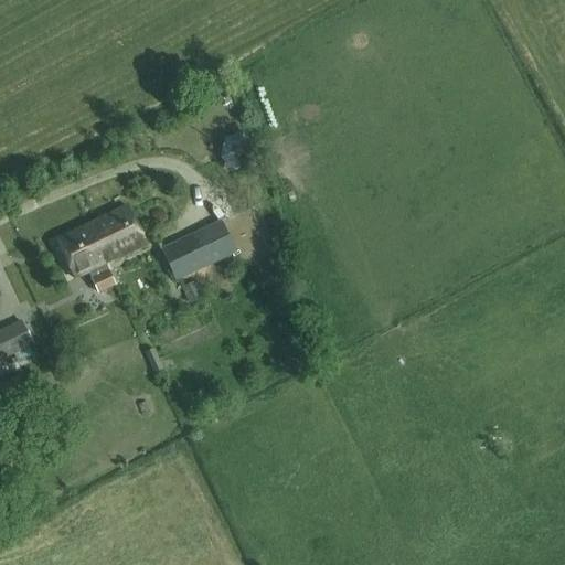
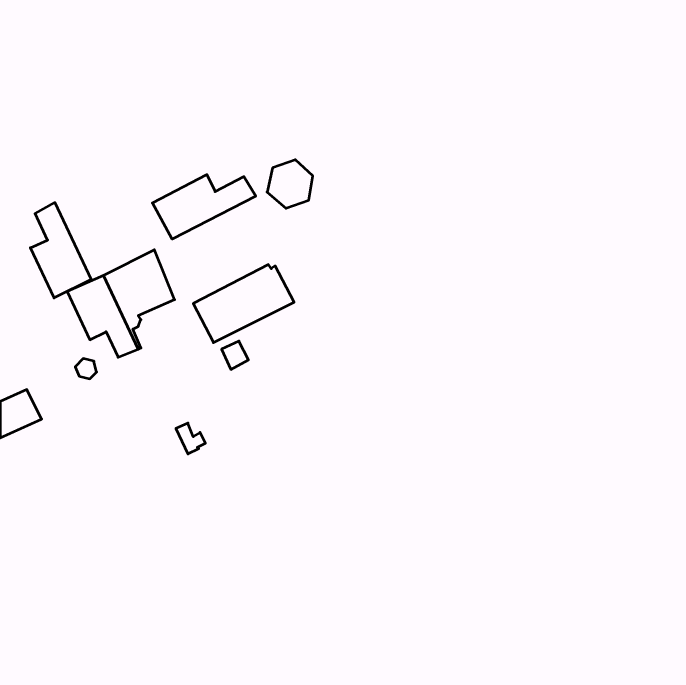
building: none -> [152,175,256,239]
building: none -> [30,203,91,298]

